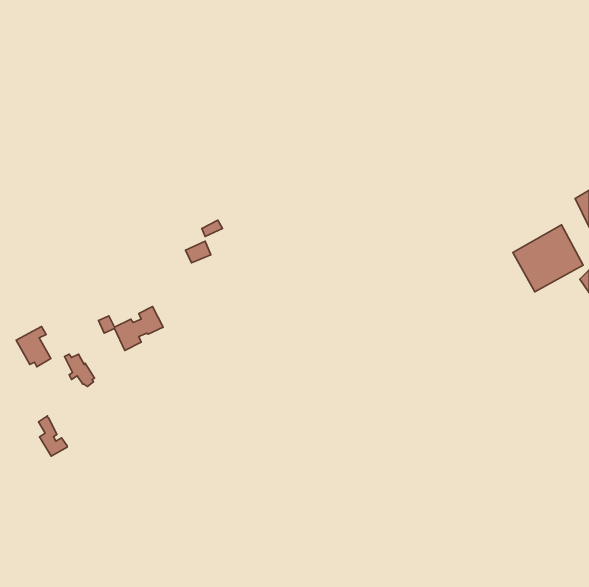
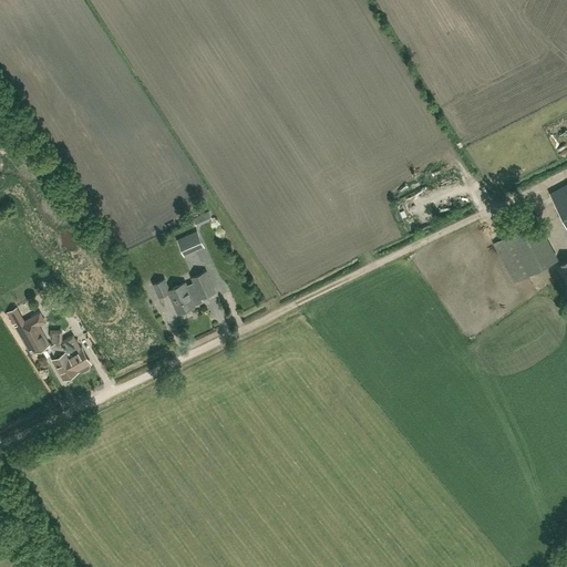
building: [98,307,163,350] -> [154,274,216,316]
building: [38,416,67,456] -> [52,342,80,381]

